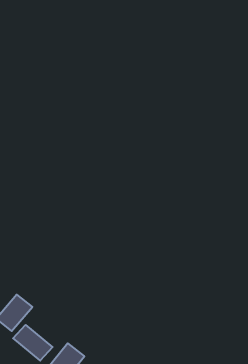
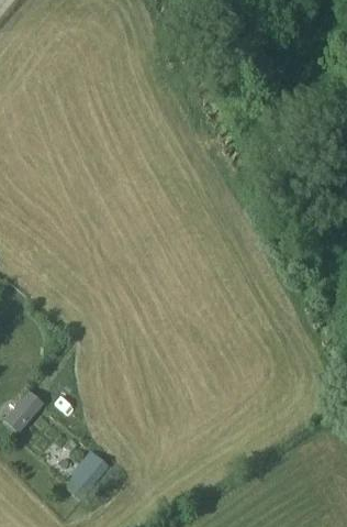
building: [13,325,53,361] -> none

